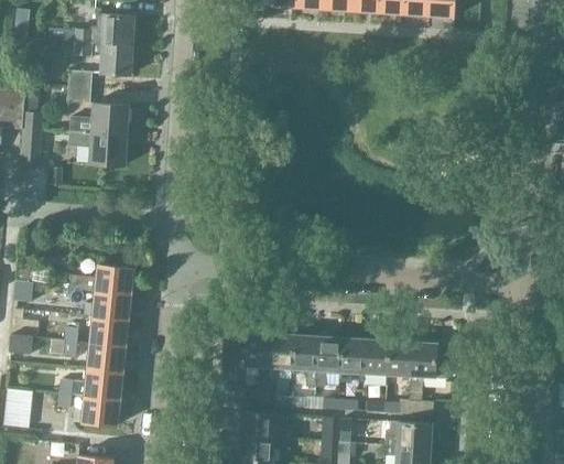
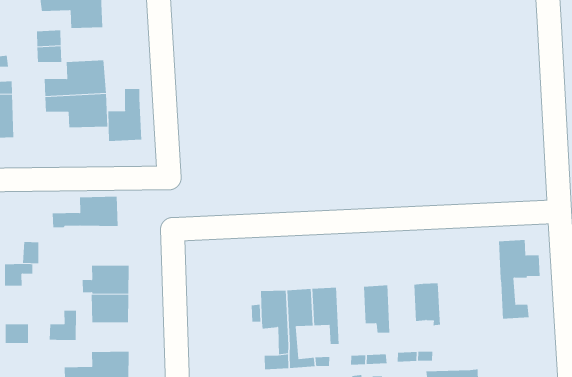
building: none -> [108,88,142,142]
building: [69,265,132,295] -> [52,196,118,228]
building: [314,336,341,389] -> none
building: [361,339,388,384] -> none
building: [406,343,447,416] -> [498,239,541,319]
building: [86,344,123,374] -> none

